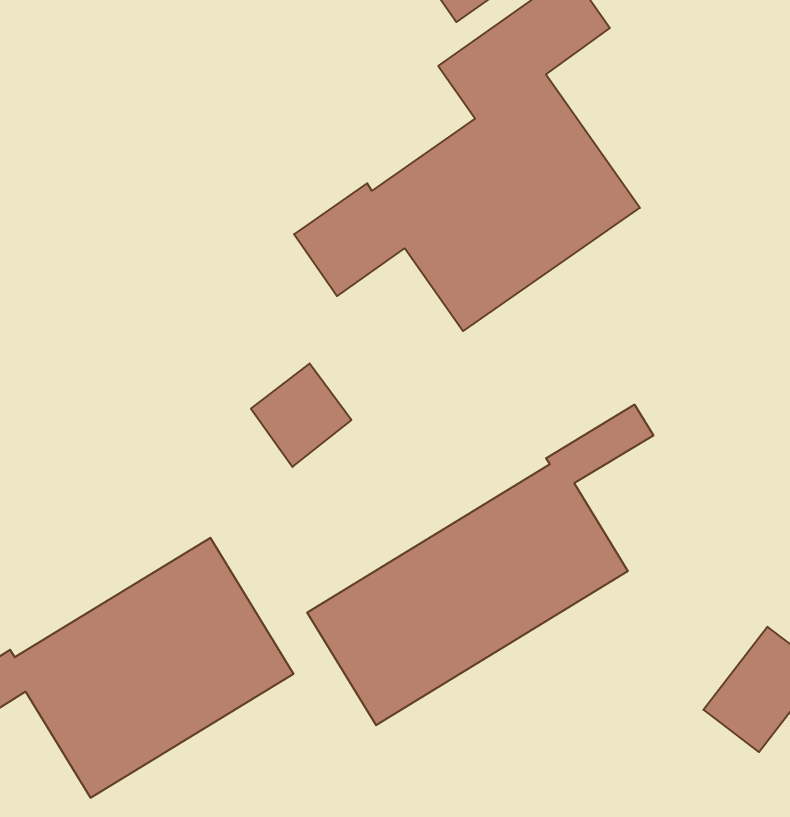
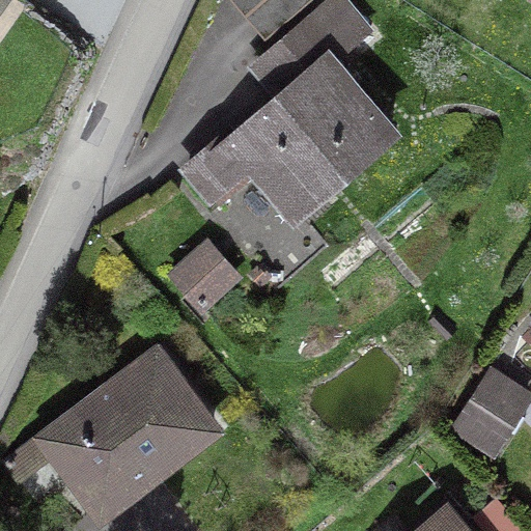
building: [307,405,653,725] -> none

